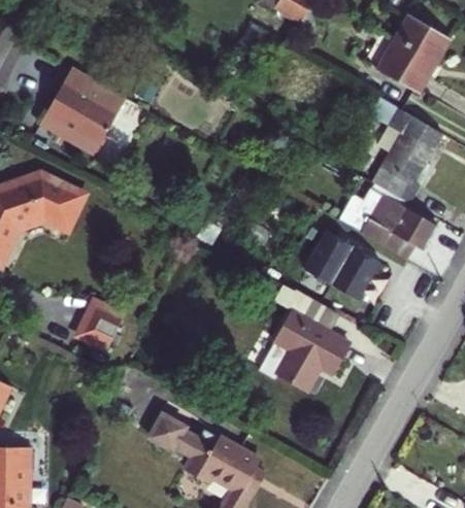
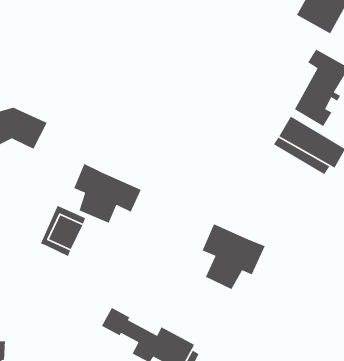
building: [46,67,132,155] -> none
building: [303,231,381,302] -> none
building: none -> [73,163,142,224]
building: [275,294,330,333] -> none

